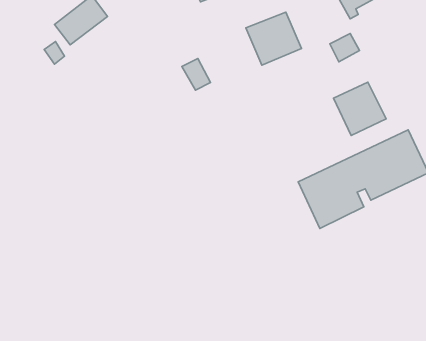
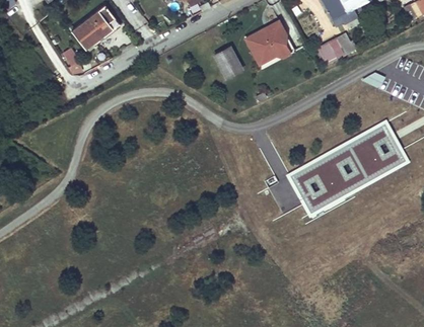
building: [182,59,210,90] -> [215,48,240,76]
building: [334,82,386,135] -> none

